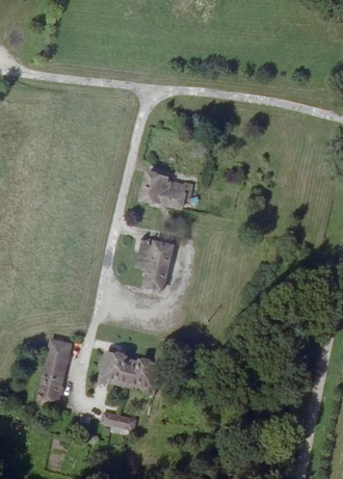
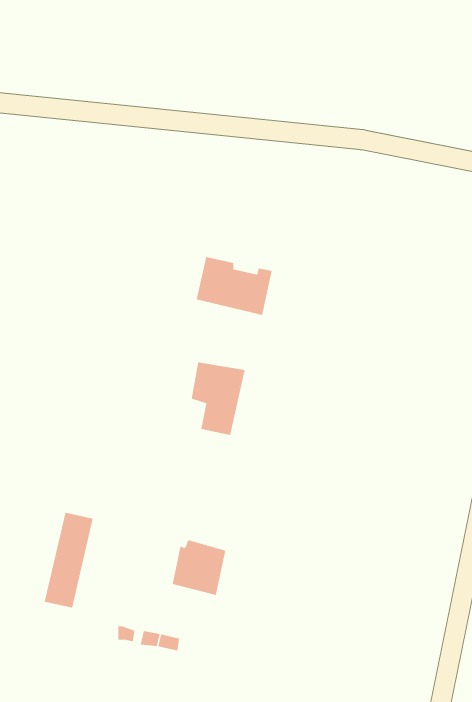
building: [98,349,129,384] -> none

